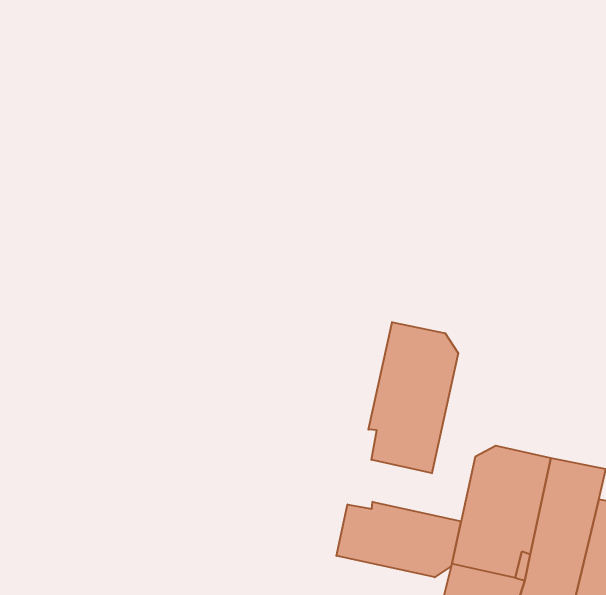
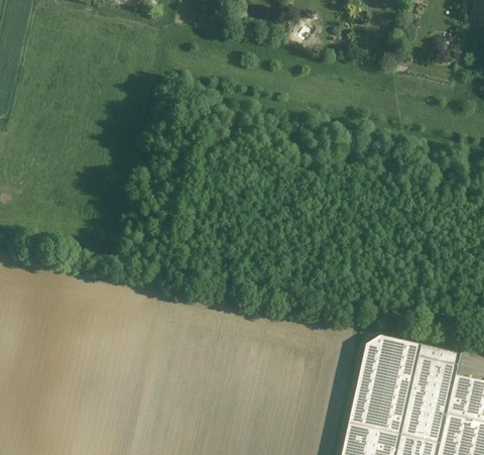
building: [368,322,458,473] -> none
building: [336,502,461,577] -> none

